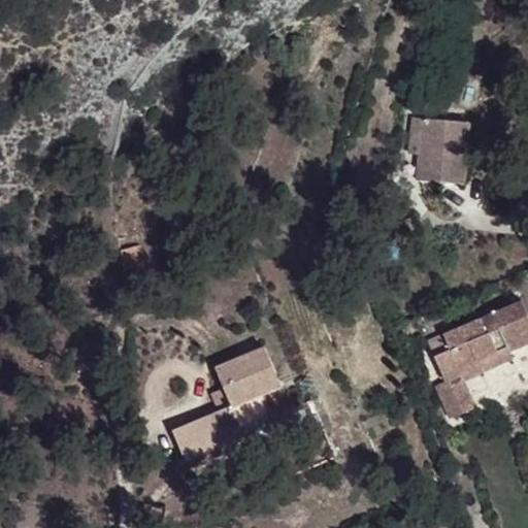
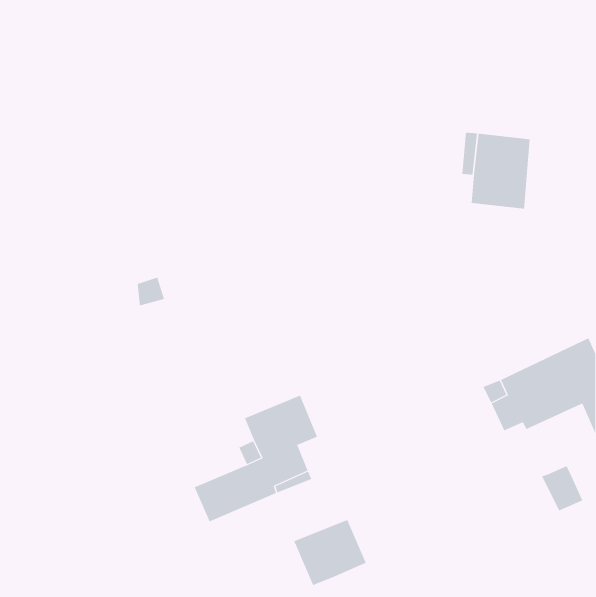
building: [438,373,475,414] -> [541,466,583,511]
building: none -> [293,519,367,586]

